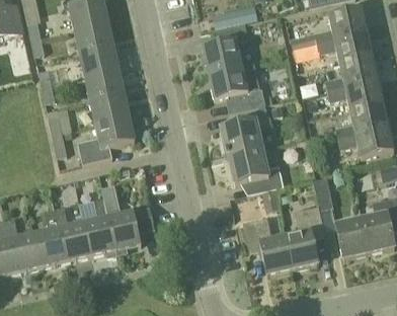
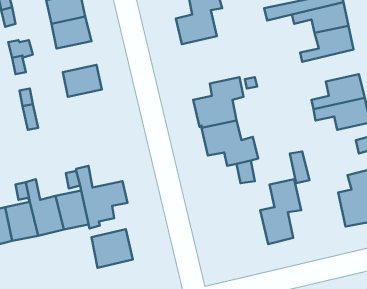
building: [208,63,264,111] -> none
building: [84,70,124,100] -> none
building: [326,78,382,109] -> none
building: [76,117,134,164] -> none
building: [242,217,293,275] -> none
building: [335,219,369,258] -> none
building: none -> [91,229,133,268]

